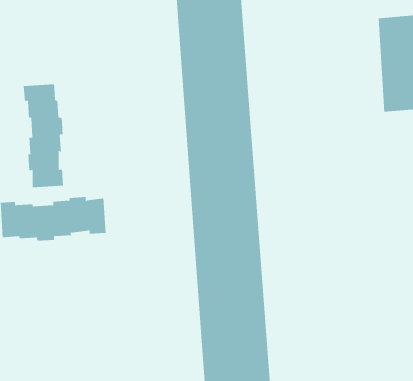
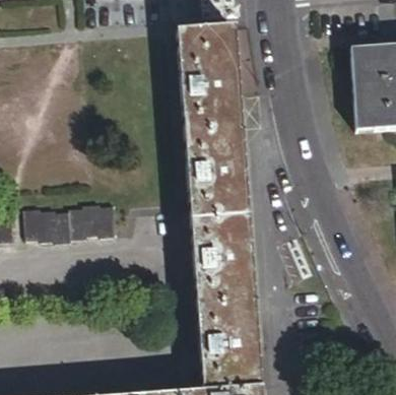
building: [23,83,64,188] -> none

